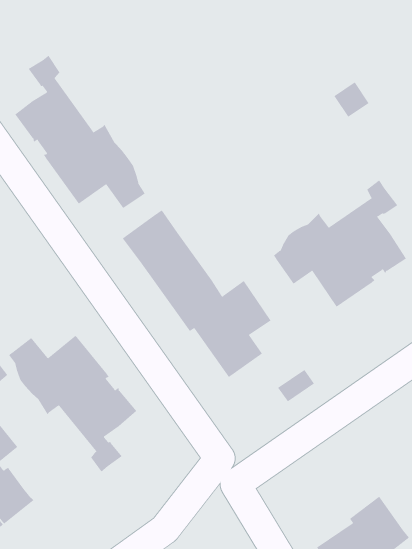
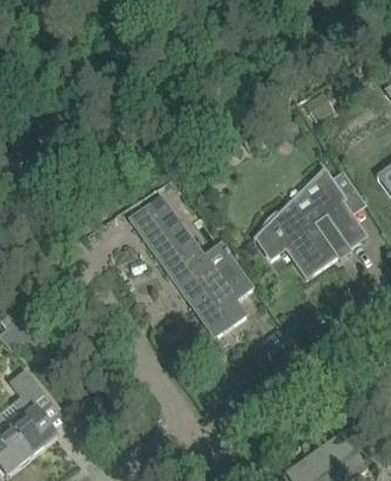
building: [14,55,146,209] -> none
building: [9,335,137,472] -> none

